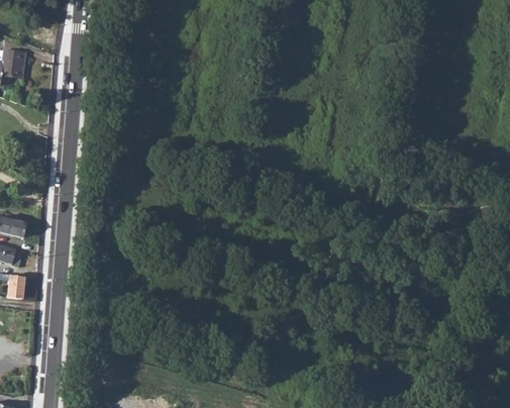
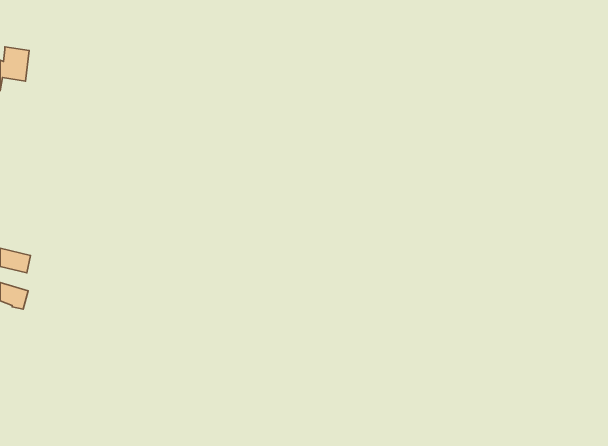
building: [7,274,25,298] -> none

